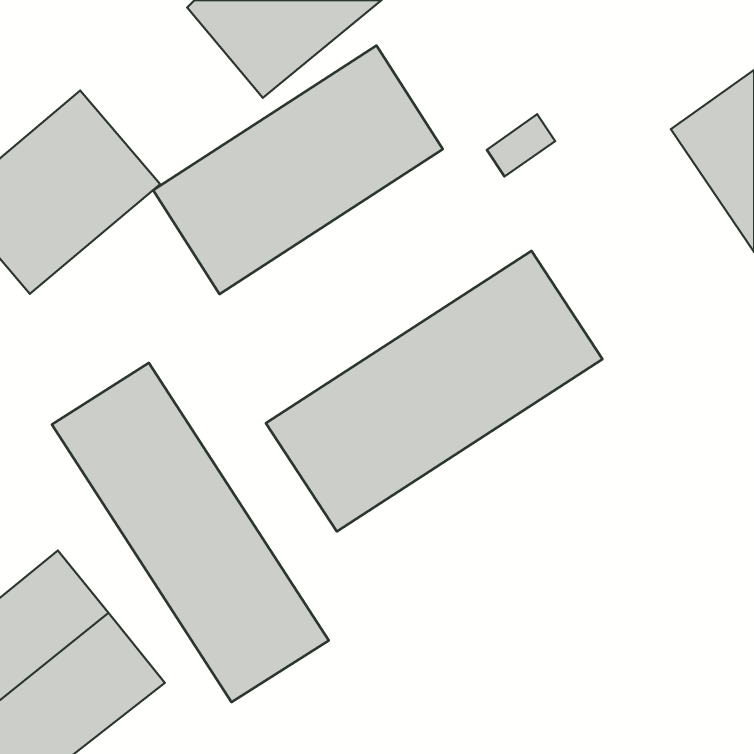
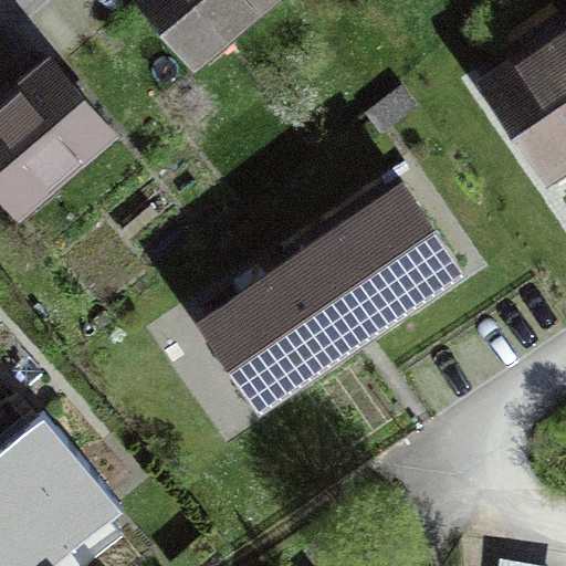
building: [153,45,443,294] -> none
building: [52,363,329,702] -> none

